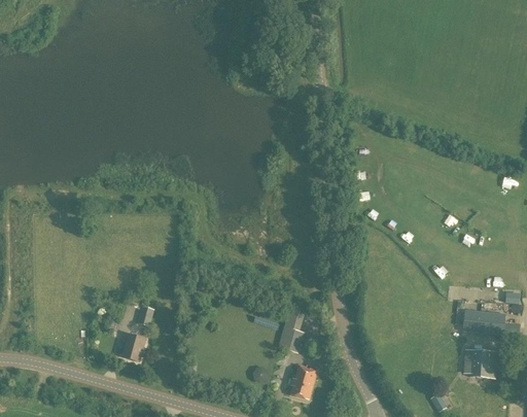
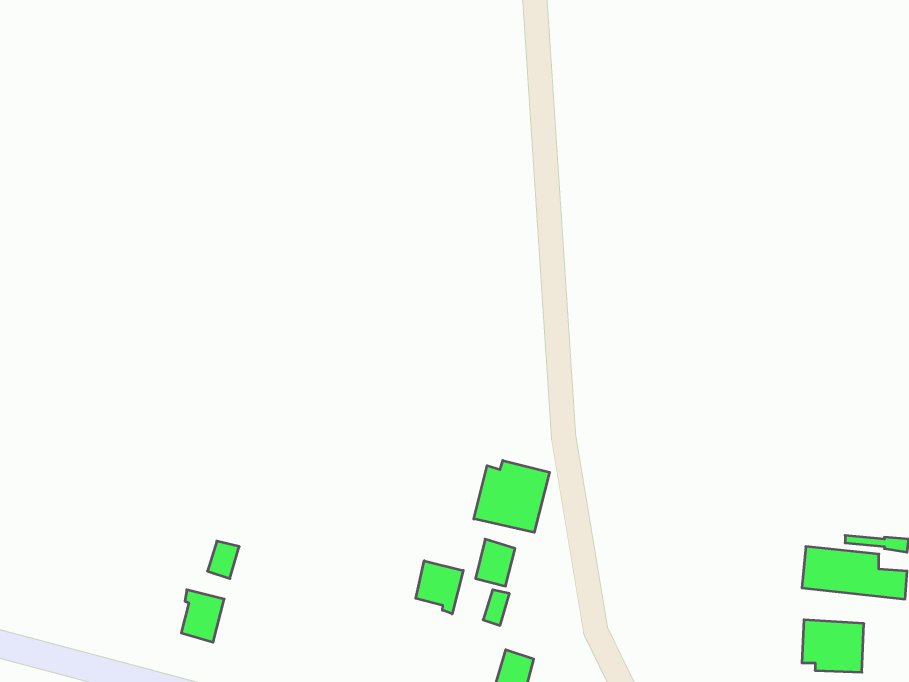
building: none -> [474,460,550,532]
building: none -> [416,561,463,614]

